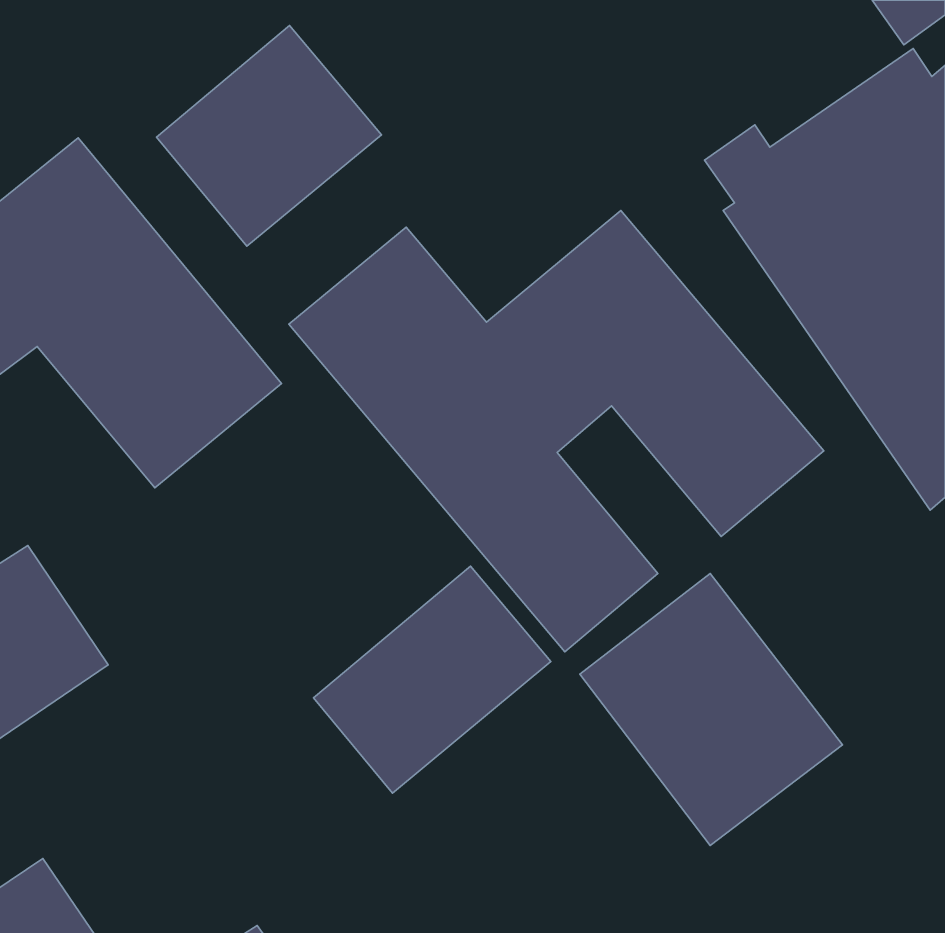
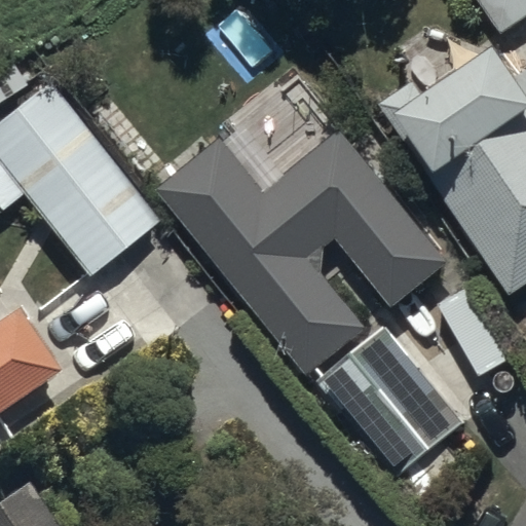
building: [157,26,381,246] -> none
building: [314,566,551,793] -> none

